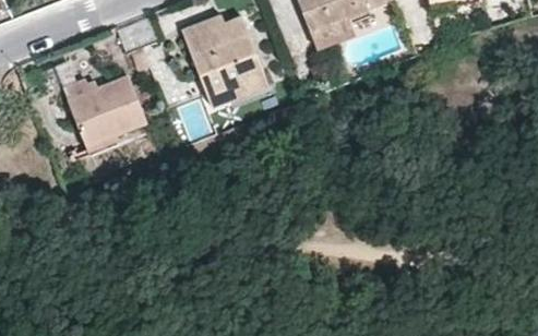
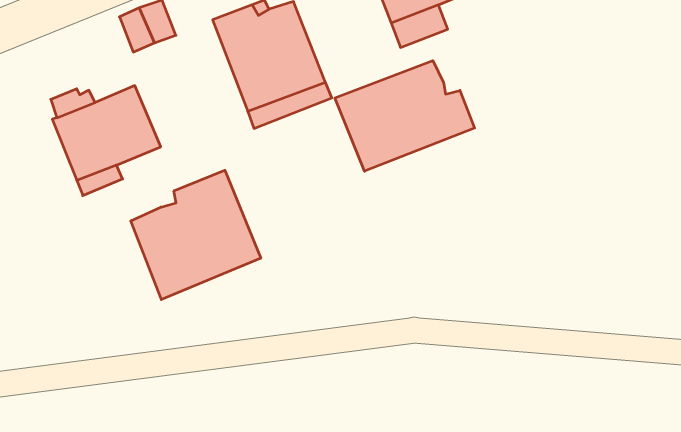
building: none -> [335,61,475,171]
building: none -> [131,170,261,300]

